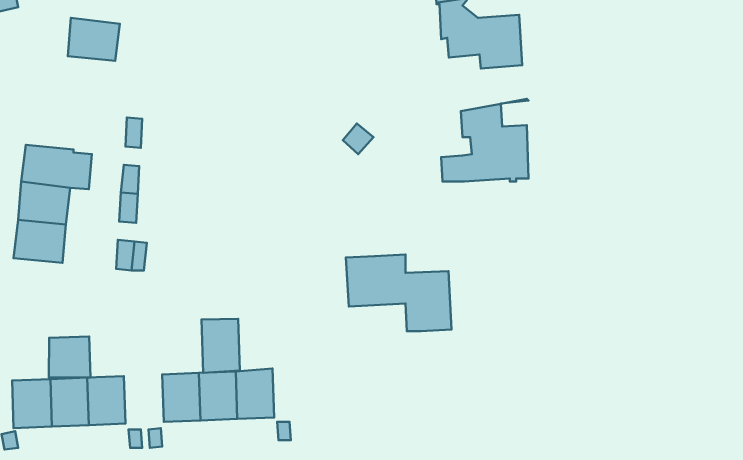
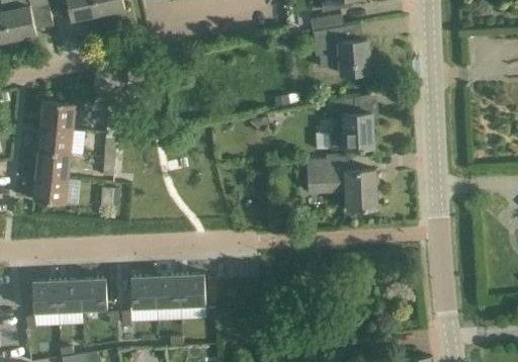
building: [68,18,120,61] -> [41,101,76,129]
building: [346,254,451,331] -> [308,160,377,210]
building: [201,319,240,373] -> none
building: [49,336,90,377] -> none

